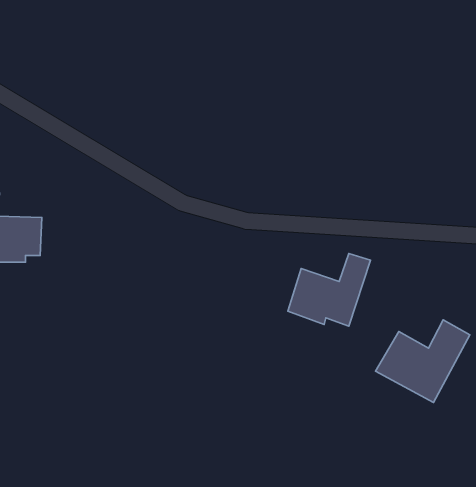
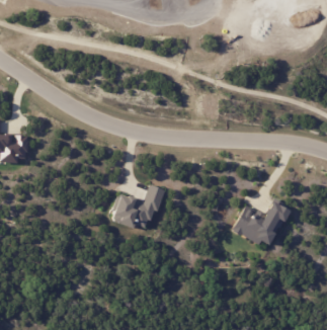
building: [288,254,370,326] -> [112,184,163,229]

